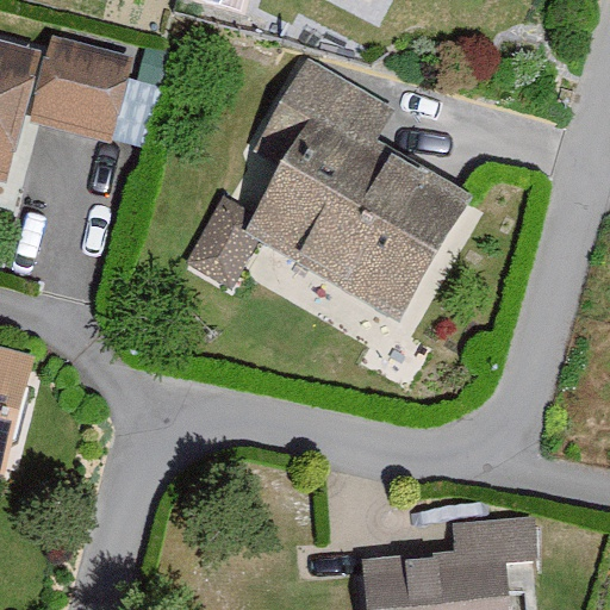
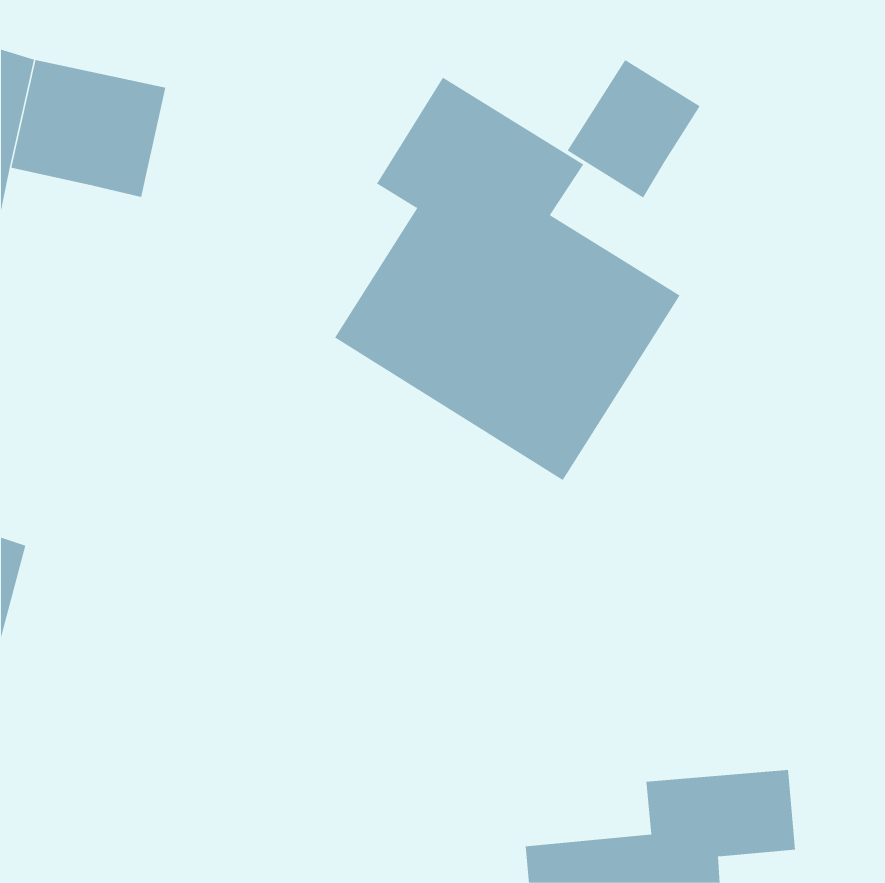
building: none -> [567,59,700,198]

